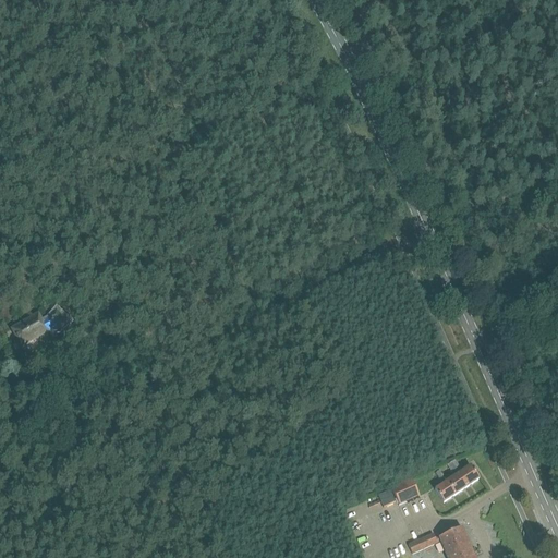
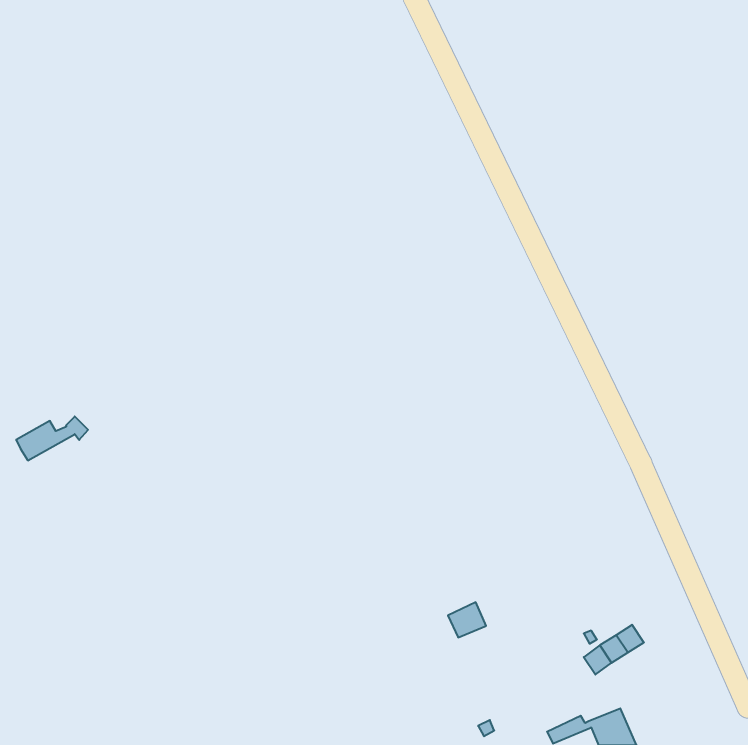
building: [390,477,418,504] -> [448,602,486,637]

